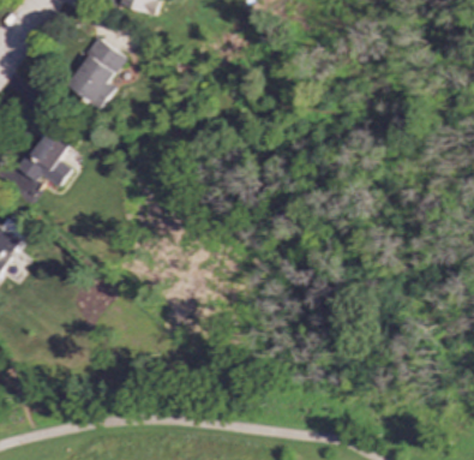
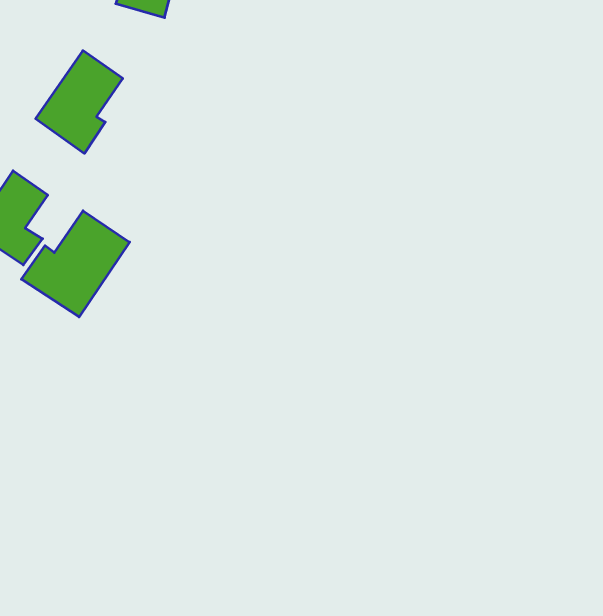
building: none -> [21,211,130,317]

